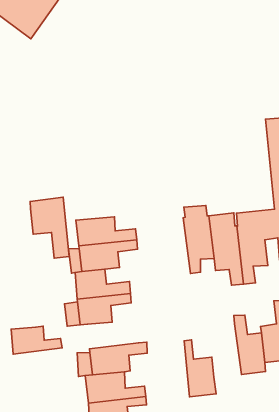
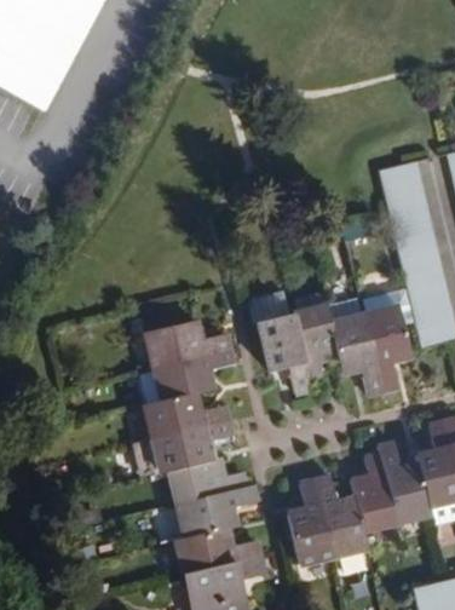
building: [30,197,69,258] -> none
building: none -> [248,295,307,399]
building: none -> [346,450,393,525]
building: [11,326,62,354] -> [179,467,250,510]
building: none -> [284,482,328,564]

